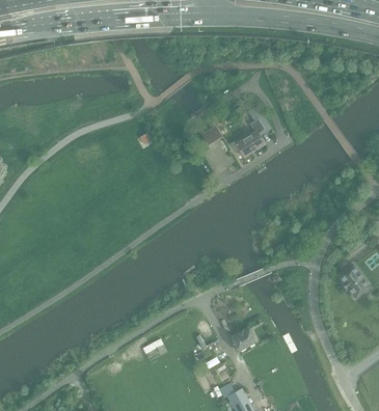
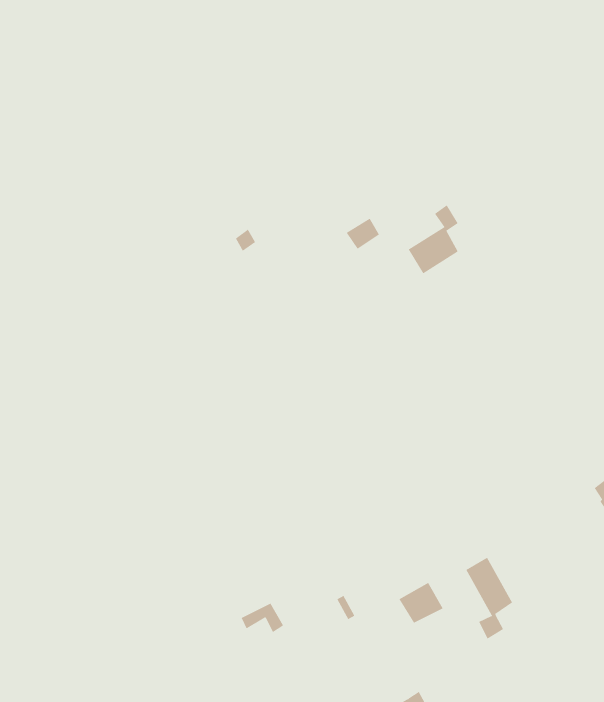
building: none -> [465,557,513,639]

